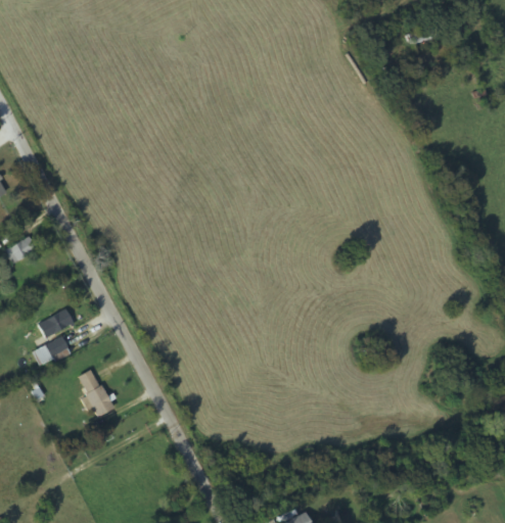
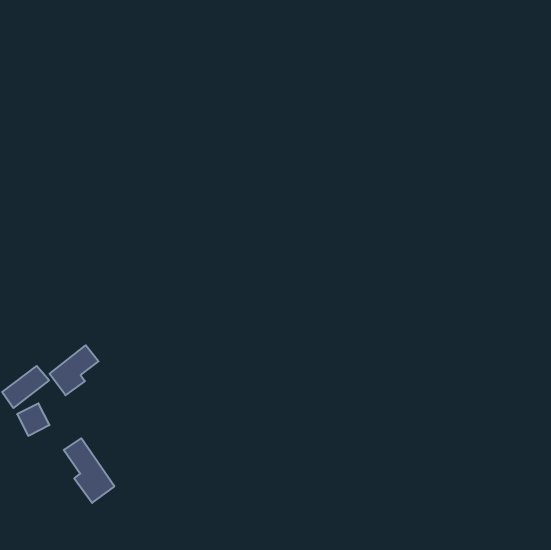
building: none -> [50,345,99,395]

